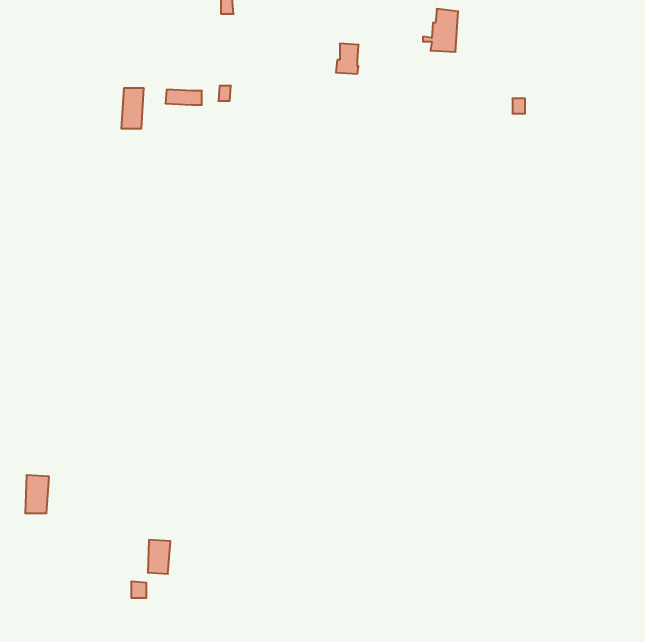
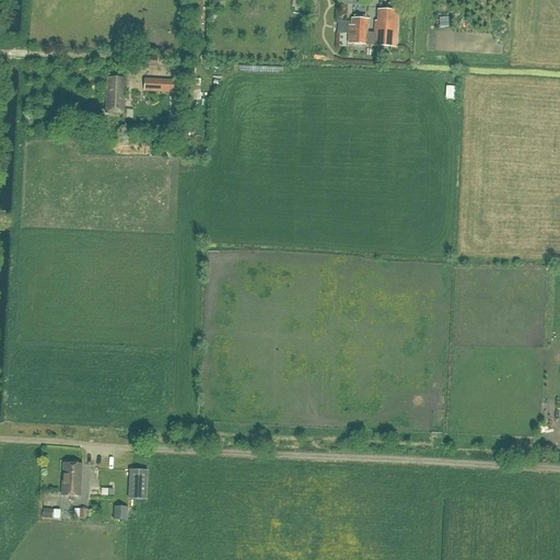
building: [336,44,359,74] -> [348,16,368,43]
building: [25,475,49,513] -> [61,462,82,494]

